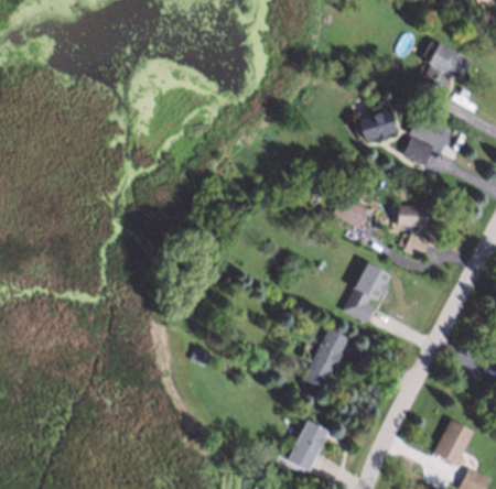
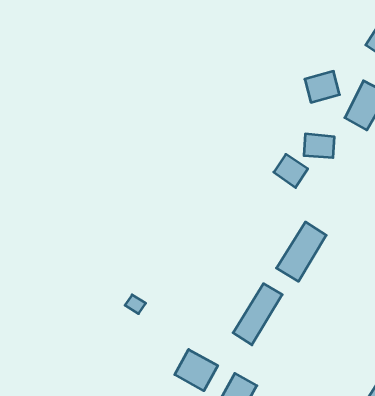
building: [397,204,427,226] -> [304,134,334,158]
building: [402,230,430,258] -> none
building: none -> [175,349,218,391]

